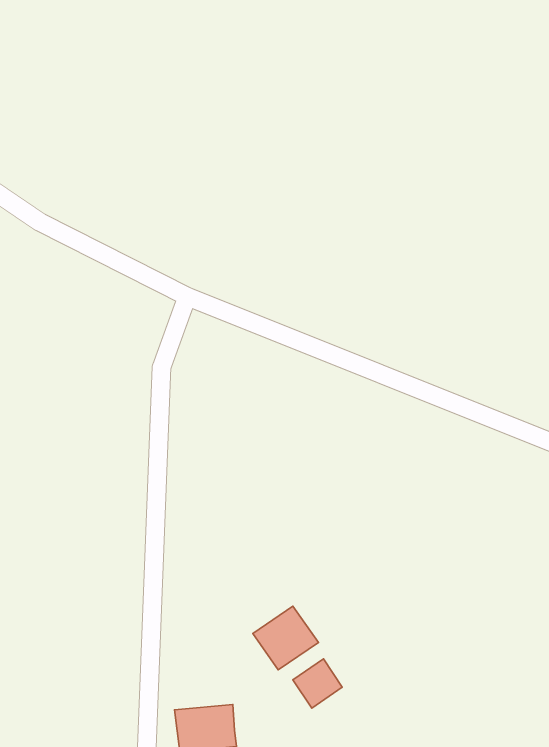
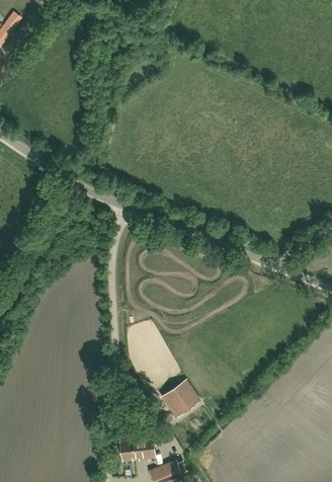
building: [293,659,342,708] -> none

